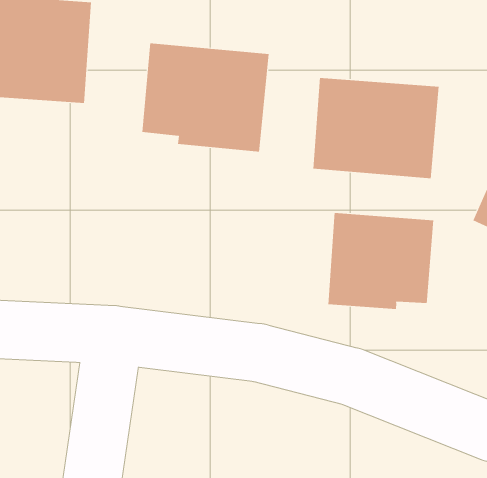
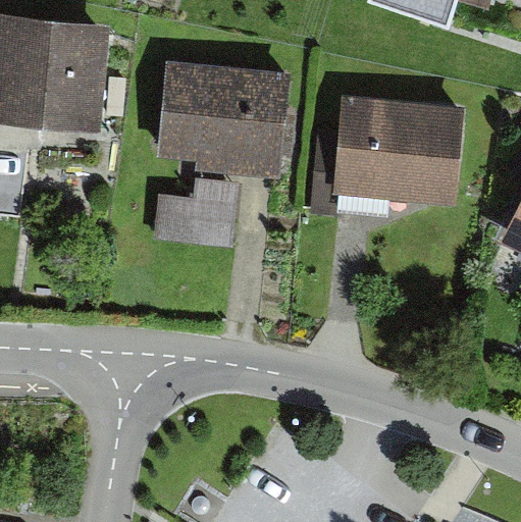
building: none -> [154,184,239,252]
building: [328,212,434,310] -> none

